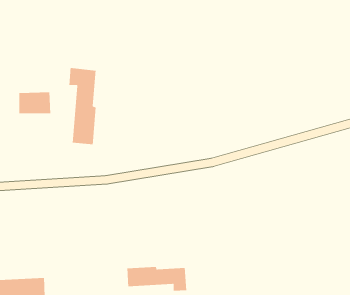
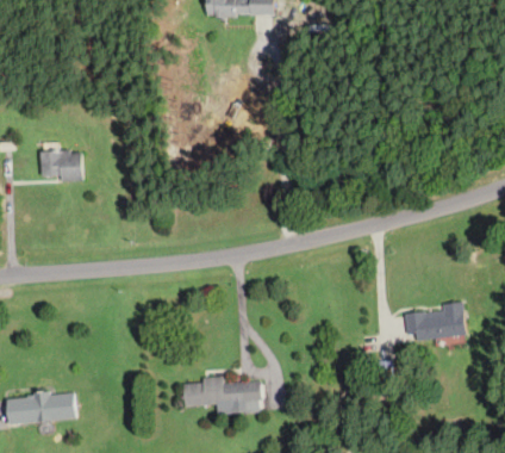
building: [68,67,96,145] -> none
building: none -> [405,303,465,341]

